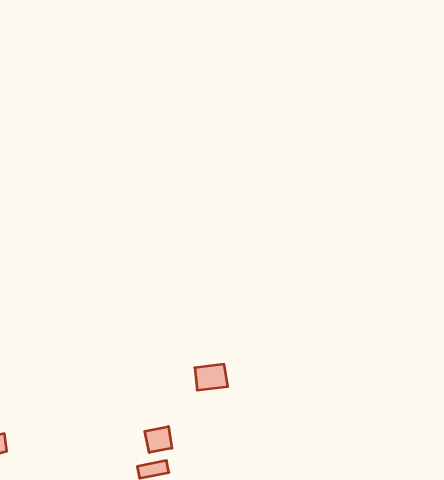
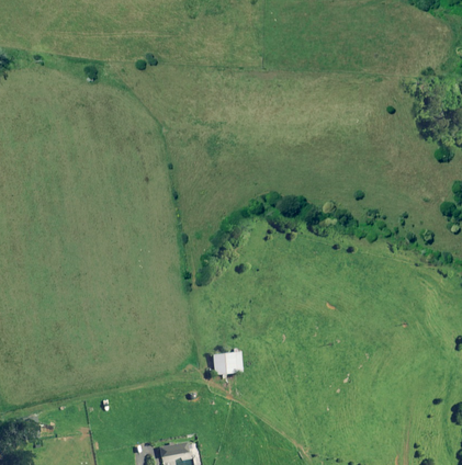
building: [145,426,172,453] -> none

